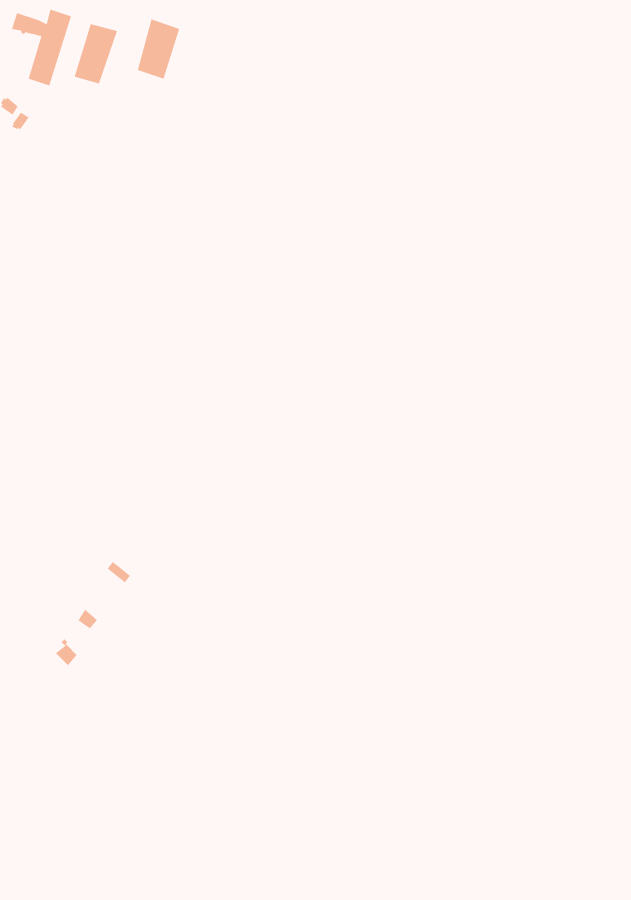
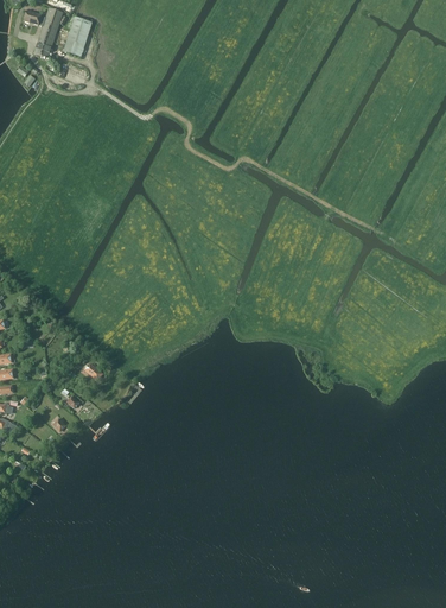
building: [137,18,180,79] -> none

